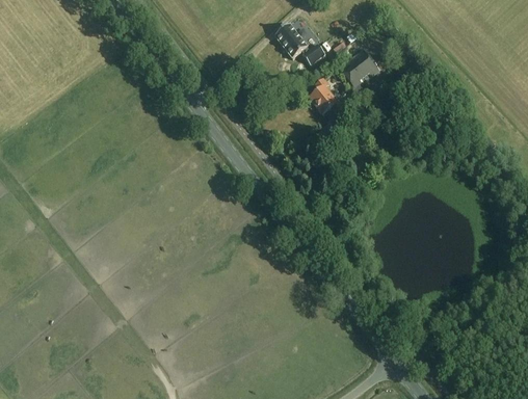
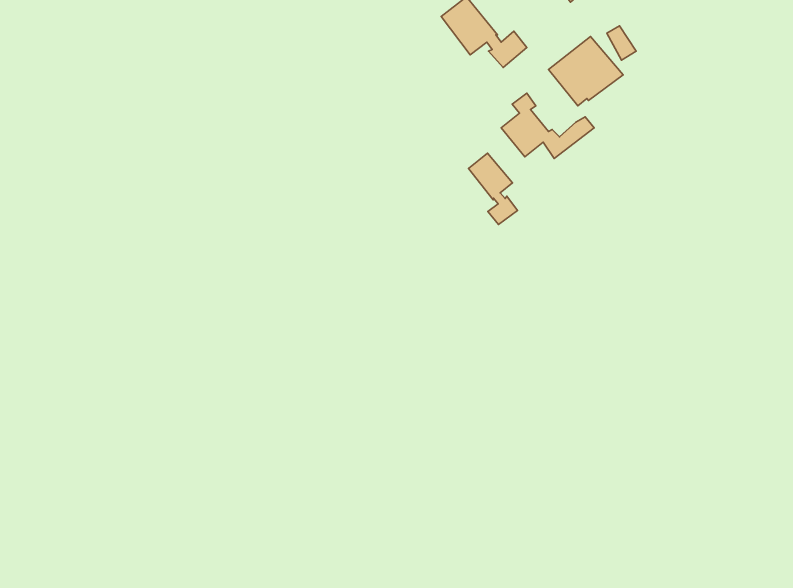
building: none -> [469,153,517,224]

